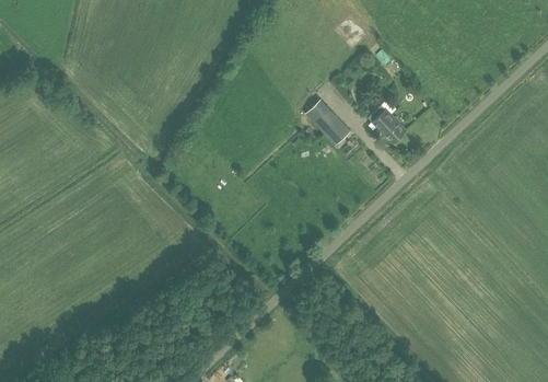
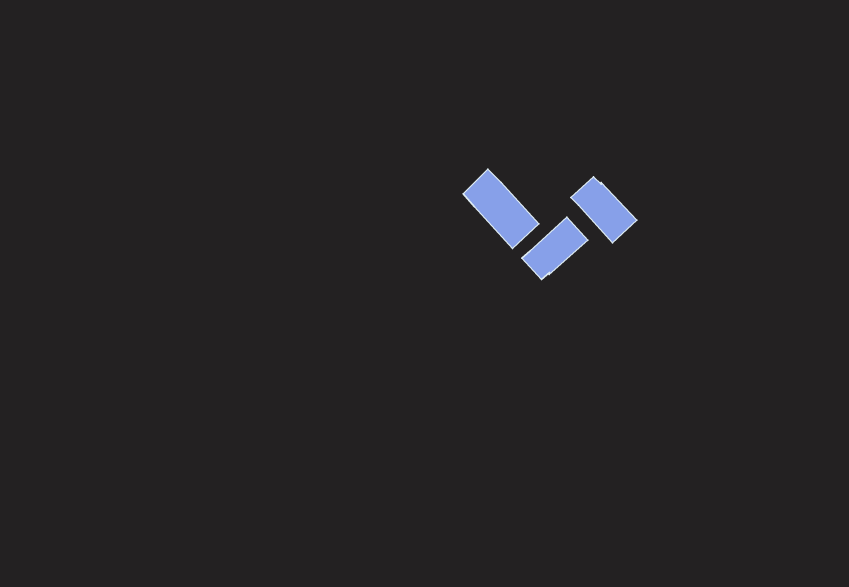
building: none -> [522,217,588,279]

